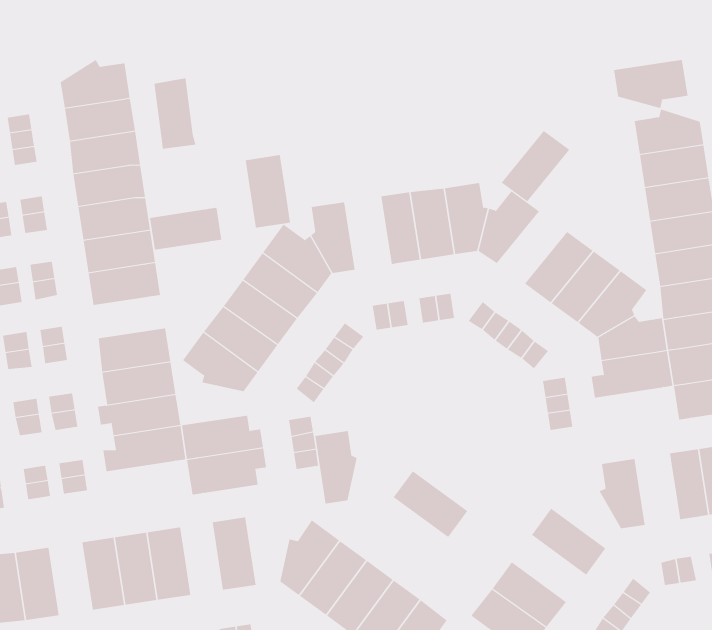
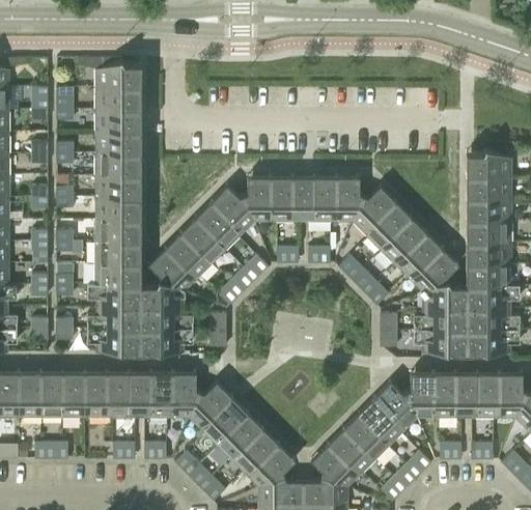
building: [614,59,688,109] -> none
building: [154,77,196,149] -> none
building: [501,130,570,202] -> [363,202,412,248]
building: [245,155,291,228] -> [270,176,294,222]
building: [149,207,222,250] -> [94,219,140,240]
building: none -> [140,280,185,306]
building: none -> [413,330,466,352]
building: [314,431,357,504] -> [173,372,199,418]
building: none -> [434,373,456,418]
building: none -> [86,329,140,352]
building: [393,470,468,538] -> [342,413,390,460]
building: none -> [373,380,417,429]
building: none -> [130,372,150,418]
building: none -> [41,372,63,418]

